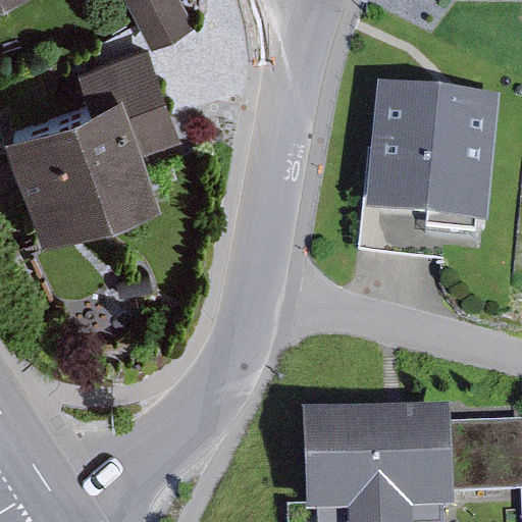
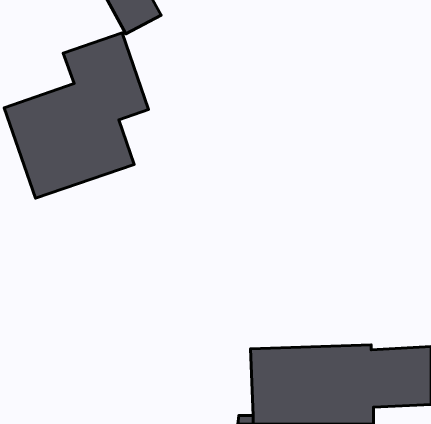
building: [360,87,497,250] -> none

